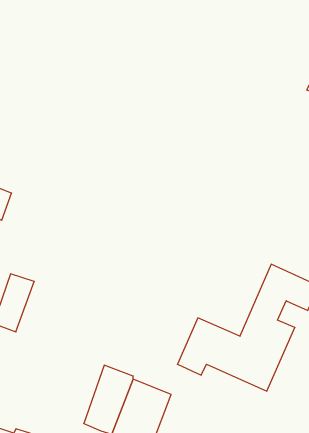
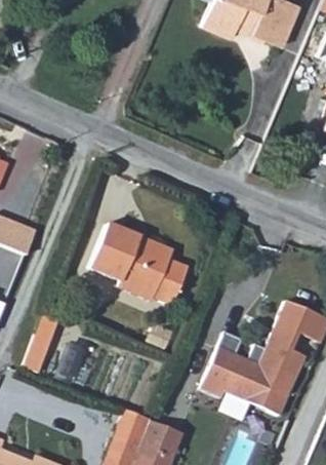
building: none -> [83,226,191,312]

